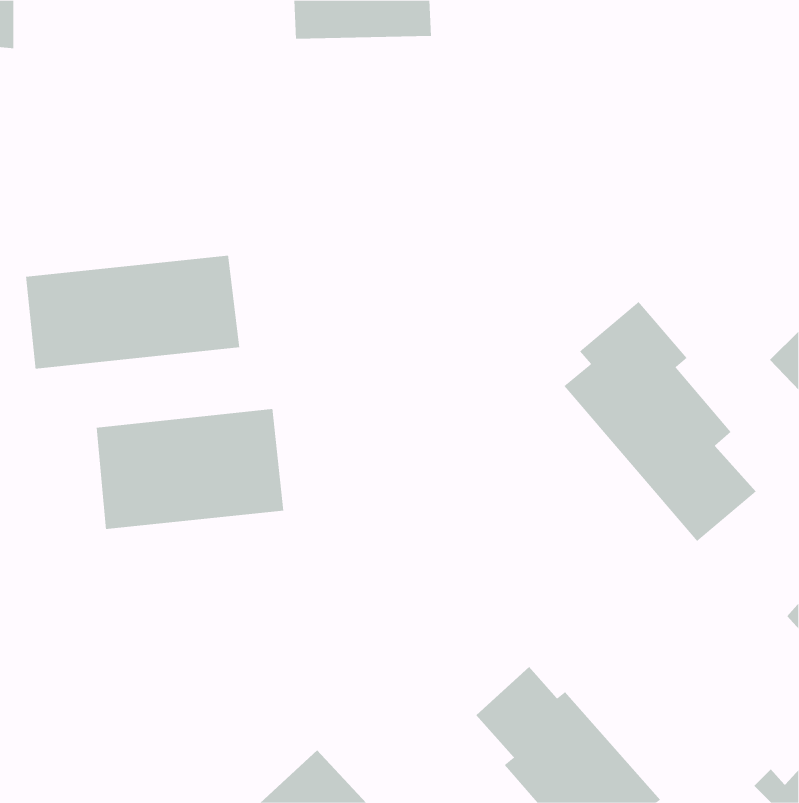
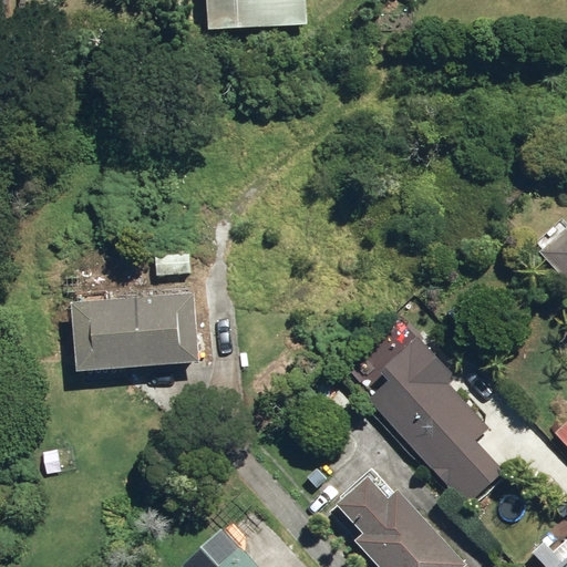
building: [26,255,240,370] -> none
building: [563,301,756,542] -> [368,338,504,507]

